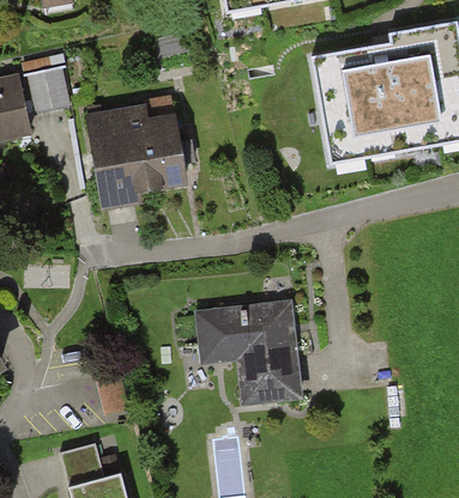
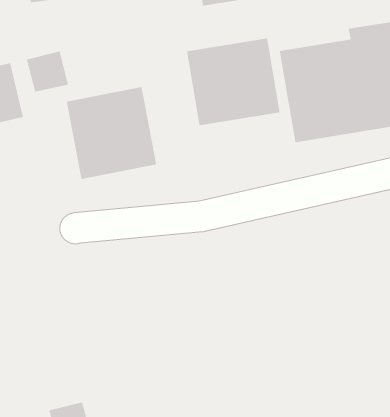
building: none -> [186,38,280,126]
building: [194,294,302,405] -> none

